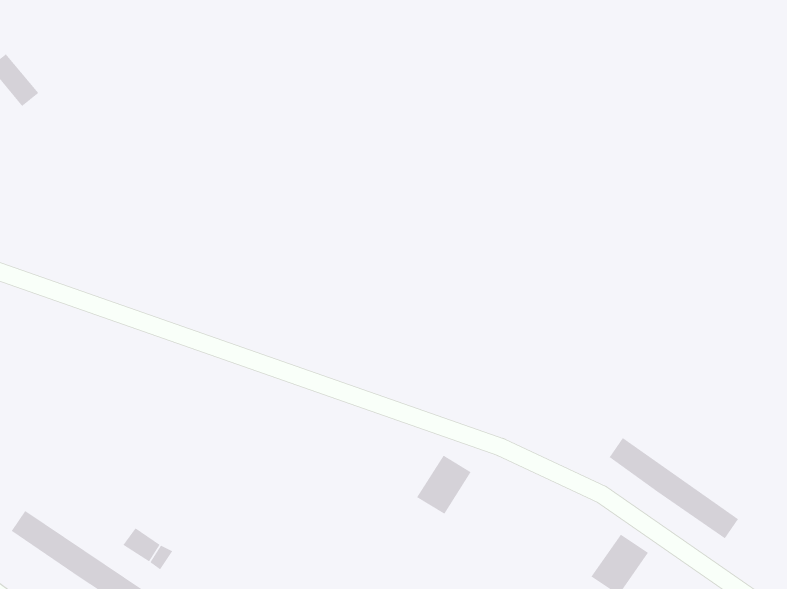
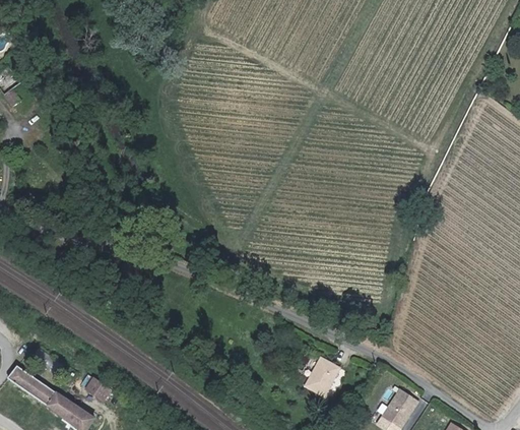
building: [609,437,739,539] -> none
building: [416,455,471,515] -> [308,352,343,390]

